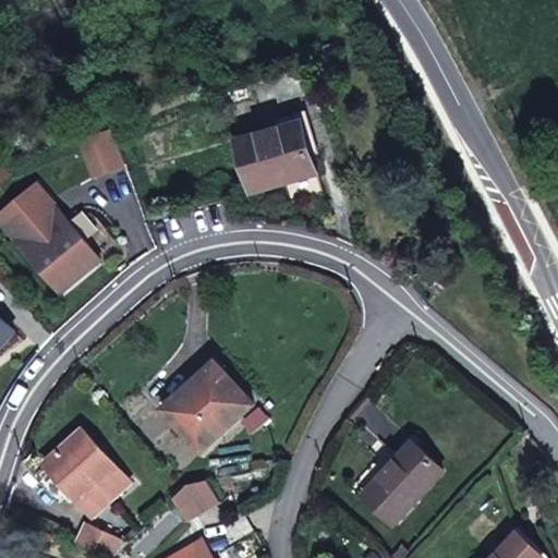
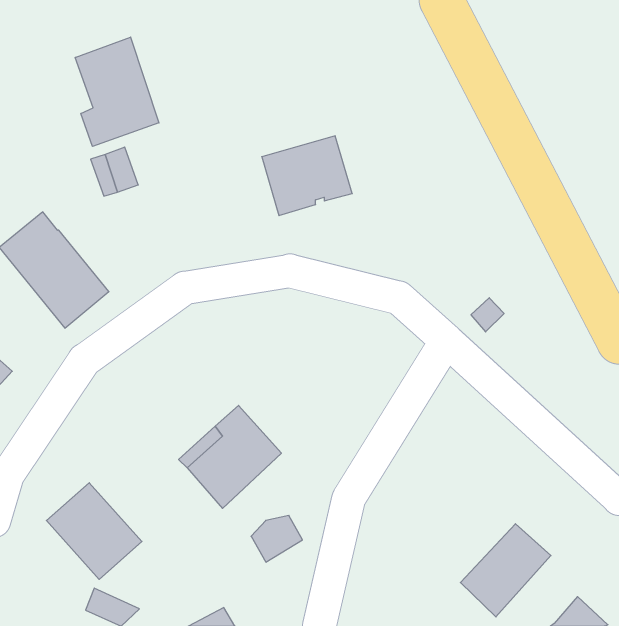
building: none -> [75,37,159,146]
building: [360,441,440,524] -> [460,524,551,617]
building: [170,480,216,521] -> [251,515,302,562]

